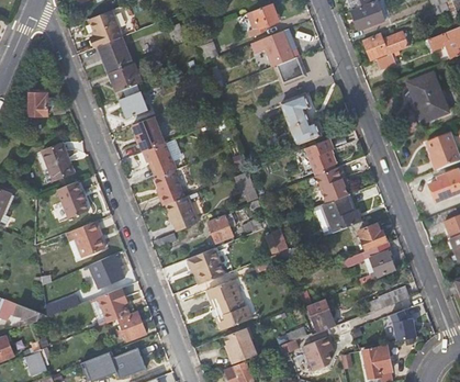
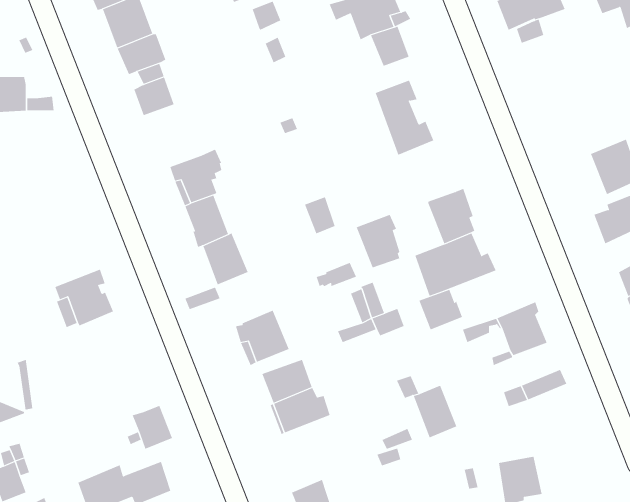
building: [407,74,447,121] -> none
building: [132,116,165,151] -> none
building: [305,138,335,175] -> [356,214,400,268]
building: [41,142,75,180] -> none
building: [57,180,88,216] -> none
building: [209,213,236,241] -> none
building: [357,222,386,249] -> [419,289,463,330]
building: [91,252,126,286] -> none
building: [98,288,126,322] -> none
building: [390,308,416,339] -> none
building: [223,326,256,362] -> none
building: [302,336,330,370] -> none

